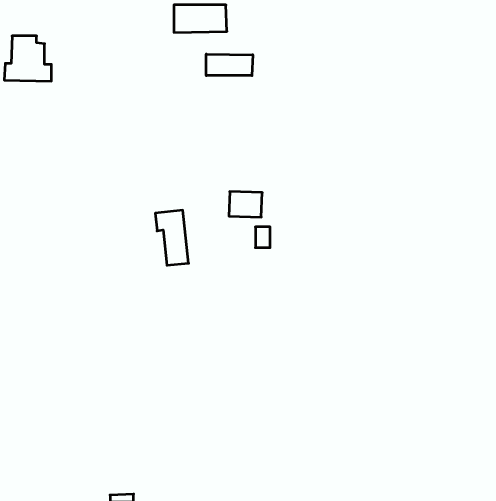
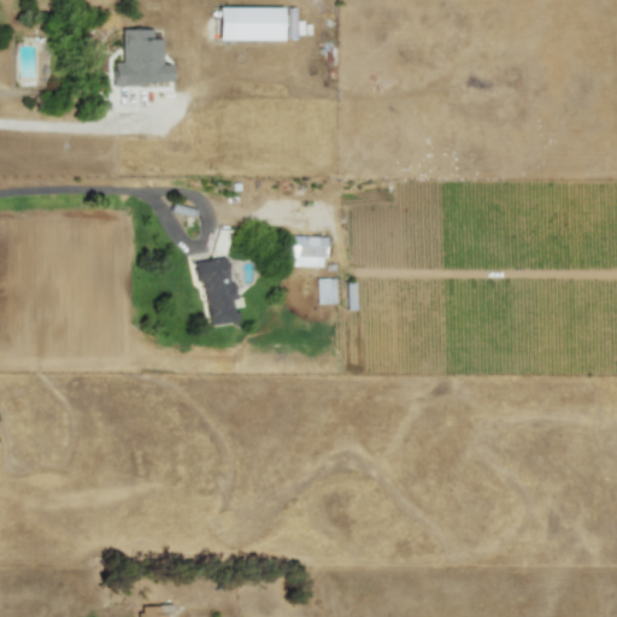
building: [4,36,51,81] -> [117,30,175,86]
building: [206,54,253,76] -> none

